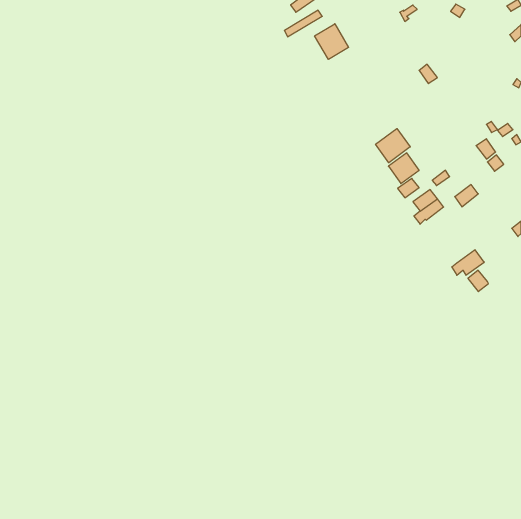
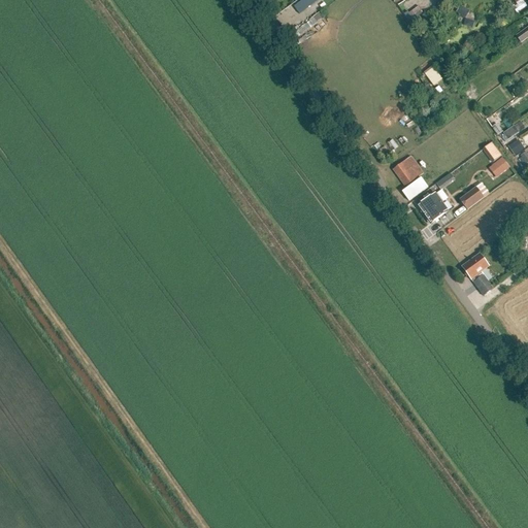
building: [315,24,349,59] -> none
building: [376,129,410,163] -> none

